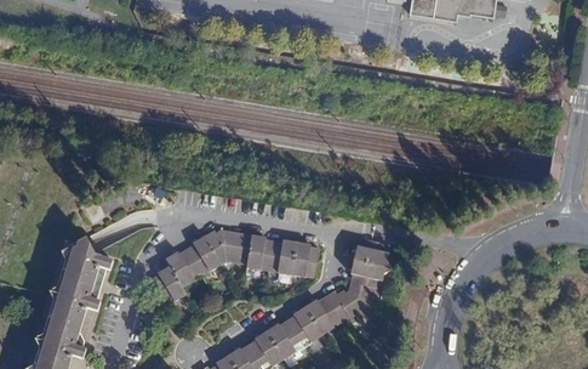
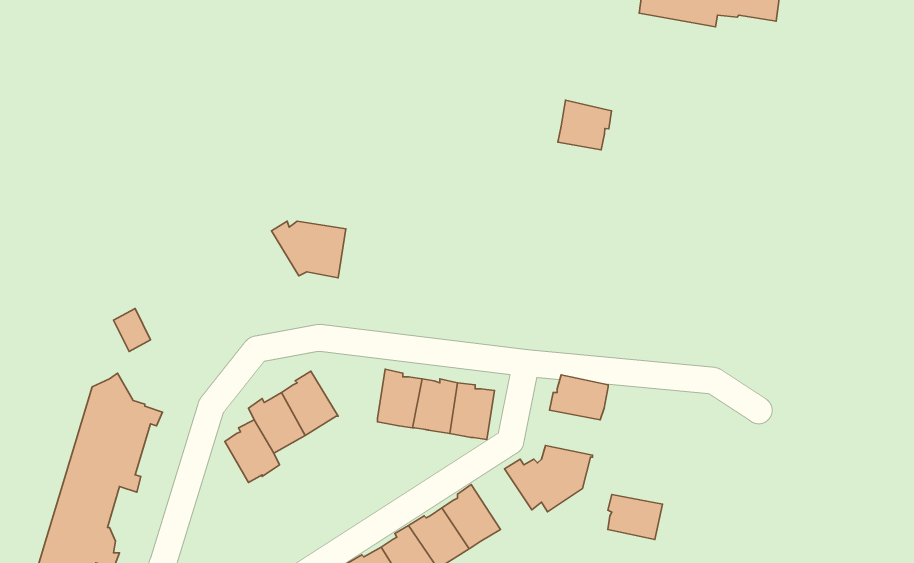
building: none -> [558,100,612,150]
building: [205,229,251,265] -> [272,221,346,278]
building: [350,260,384,288] -> [608,494,663,539]
building: [304,296,342,334] -> none

